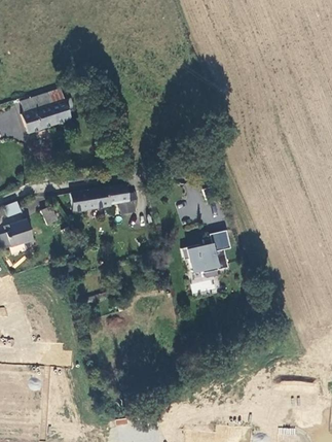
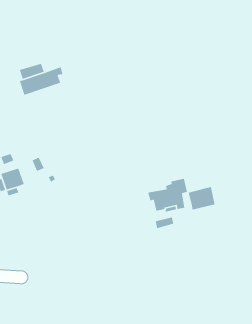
building: [69,184,135,212] -> none
building: none -> [188,186,216,211]

